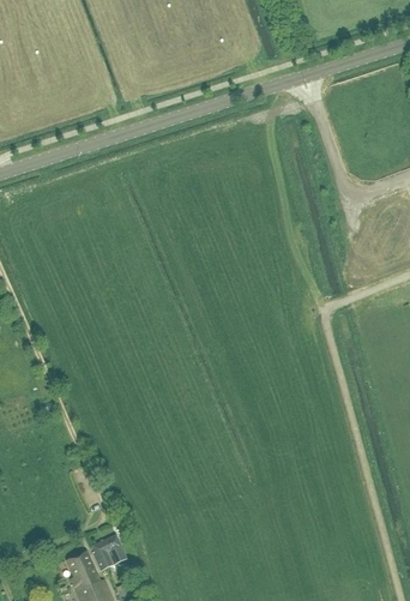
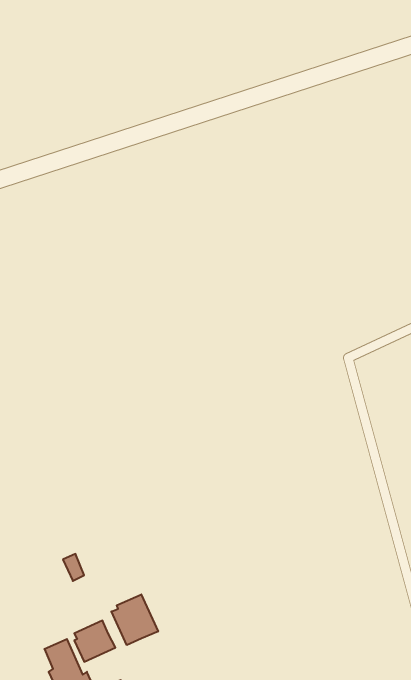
building: none -> [111,594,158,645]

